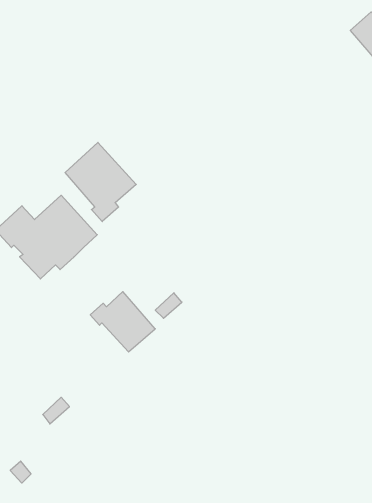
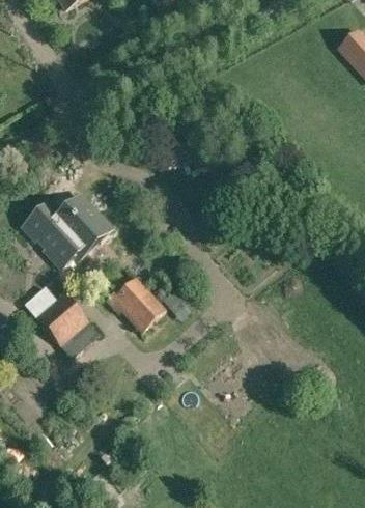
building: [65,142,136,222] -> none
building: none -> [33,291,96,357]

